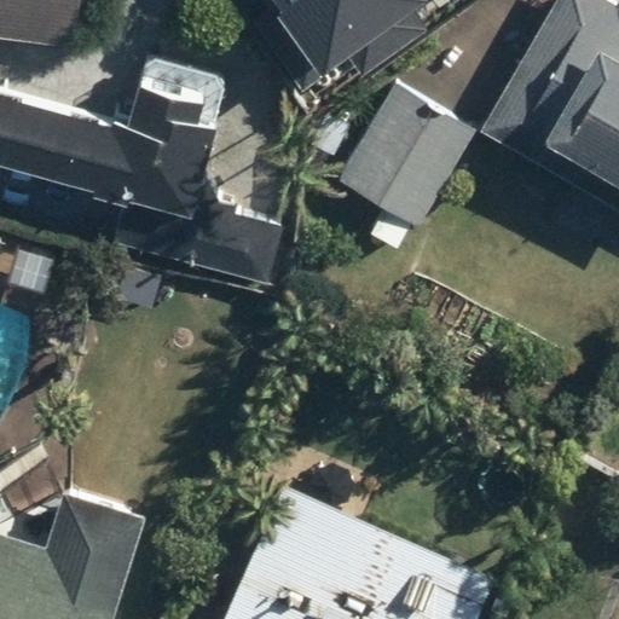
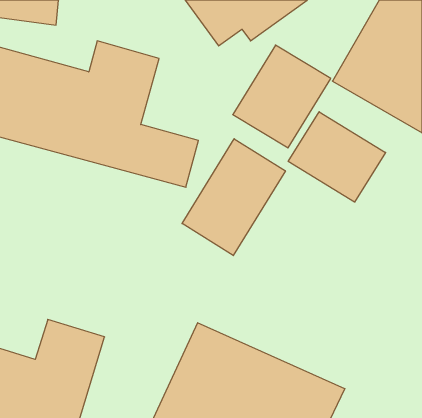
building: none -> [288,112,386,202]
building: none -> [182,139,285,256]

